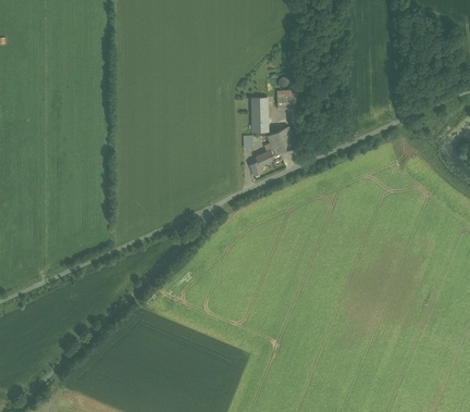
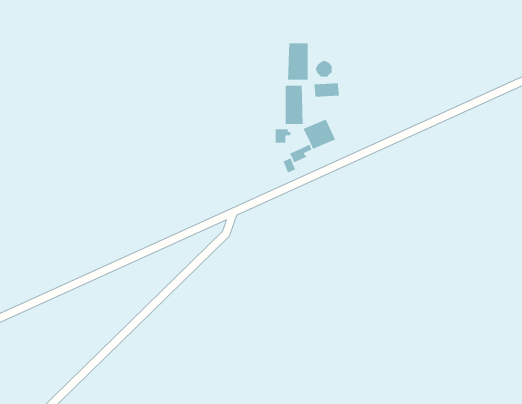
building: none -> [287,42,309,81]

